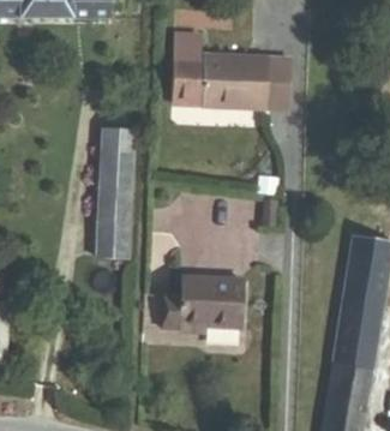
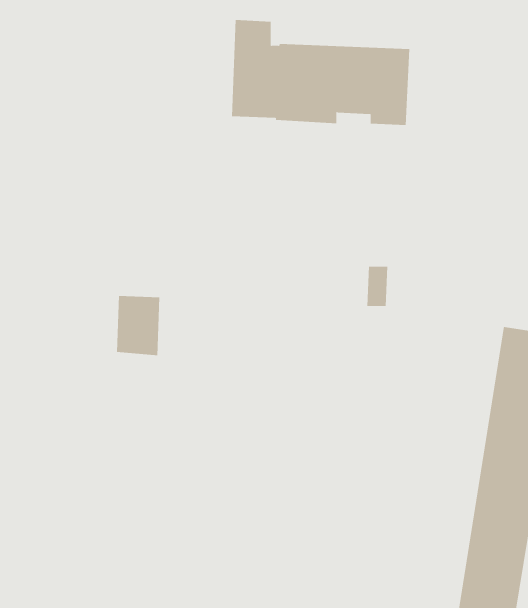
building: [100,128,132,220] -> none
building: [162,275,246,331] -> none

